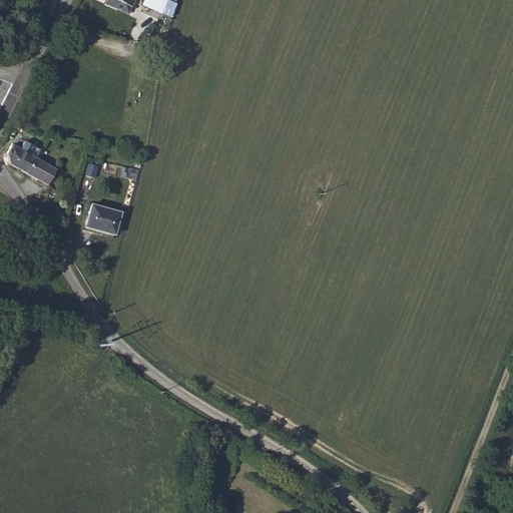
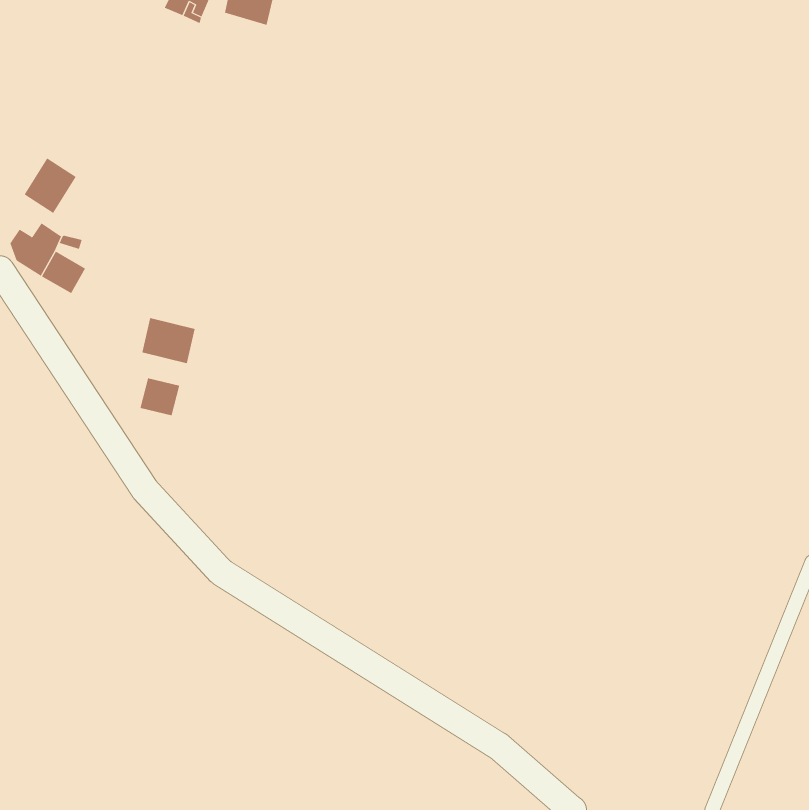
building: none -> [24,158,77,214]
building: none -> [140,377,180,416]

